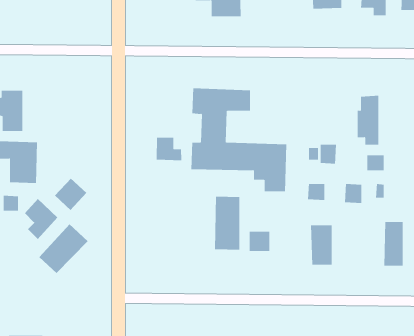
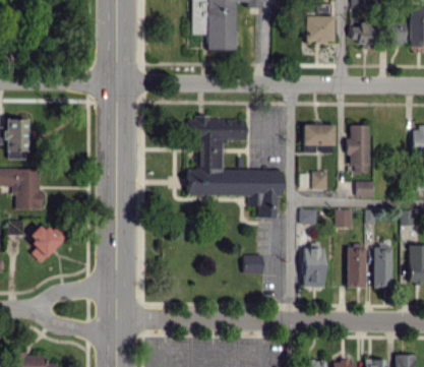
building: none -> [303,124,335,152]
building: [156,137,182,161] -> none
building: [54,178,87,211] -> none
building: [214,196,240,250] -> none
building: none -> [347,245,366,288]
building: [38,223,89,274] -> none

